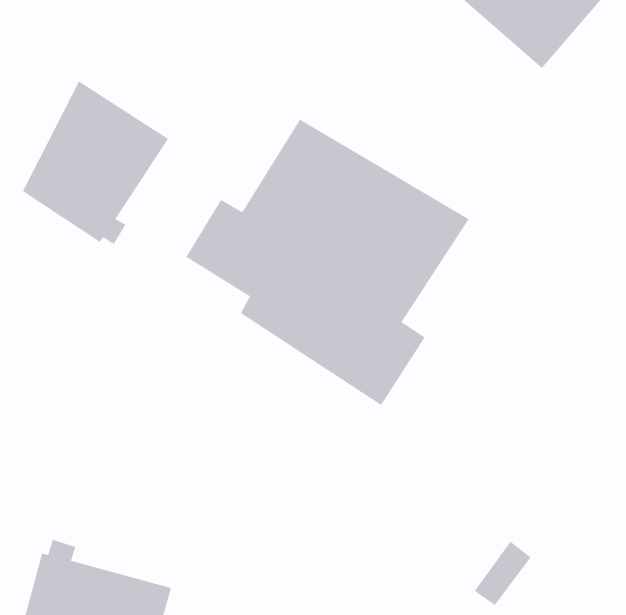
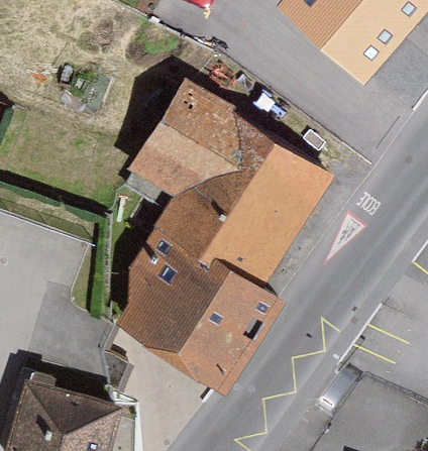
building: [22,80,169,245] -> none
building: none -> [136,228,280,381]

